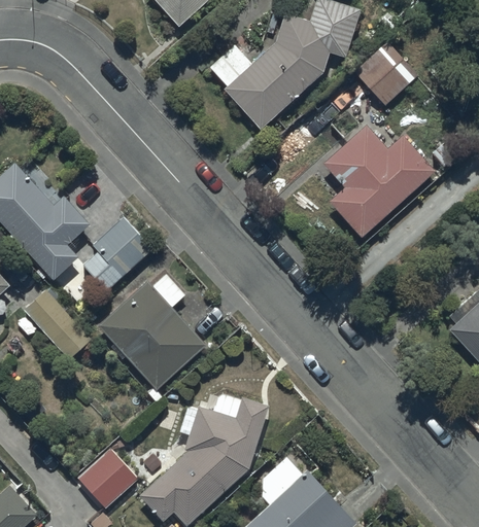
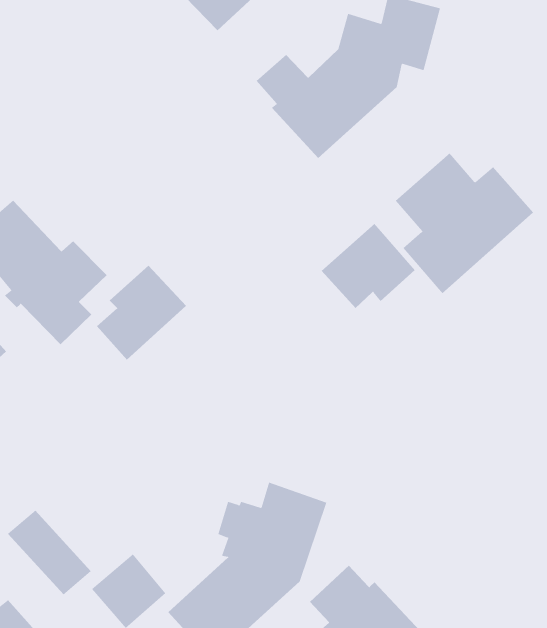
building: [352,40,418,107] -> none
building: none -> [321,223,415,309]
building: [98,274,205,389] -> none
building: [24,290,92,359] -> [7,510,92,595]

